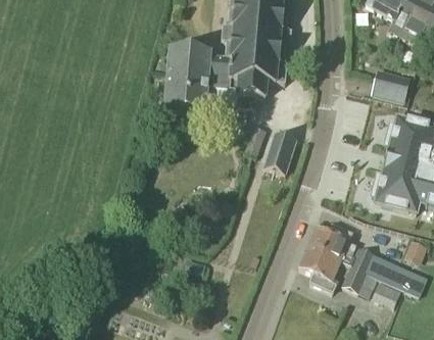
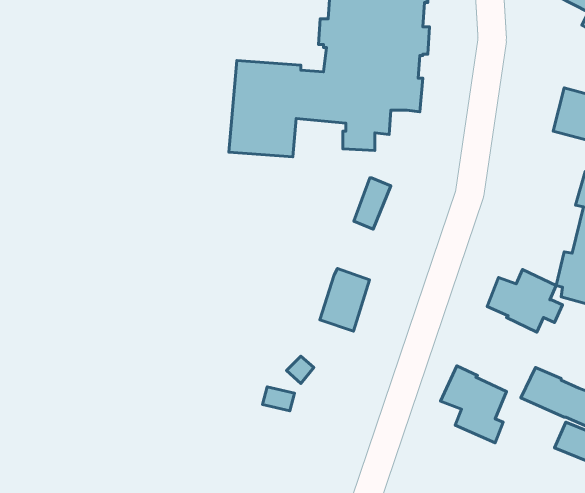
building: [264,133,296,173] -> [320,268,370,331]
building: [309,221,357,260] -> [487,269,563,332]
building: [342,264,378,296] -> none

